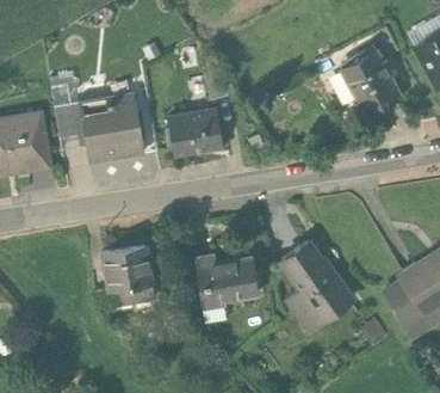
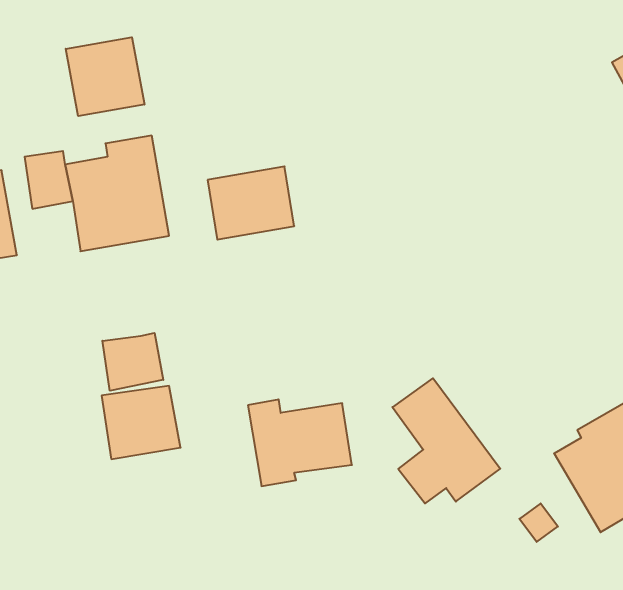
building: none -> [66,37,144,116]
building: [342,44,402,112] -> none
building: none -> [102,333,163,391]

